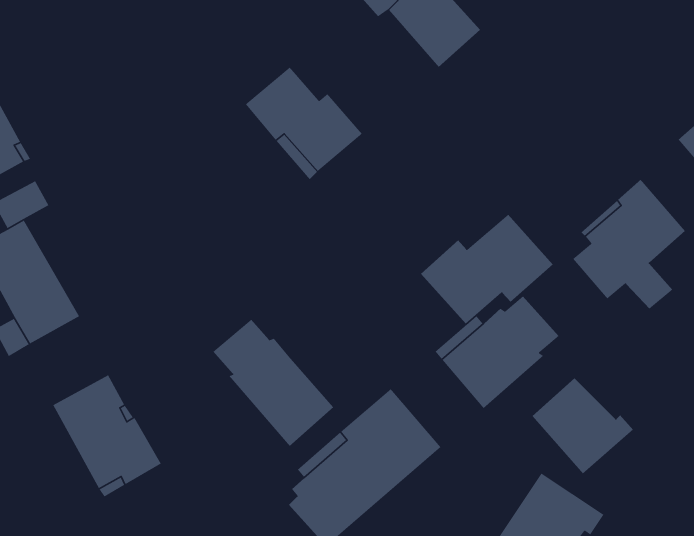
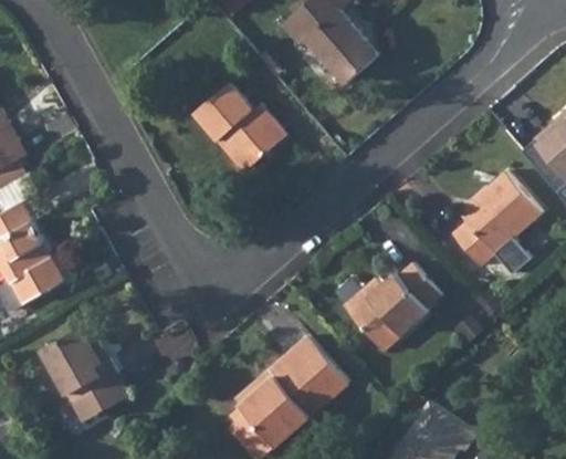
building: [420,214,554,324] -> none
building: [213,319,334,447] -> none
building: [531,378,634,475] -> none

